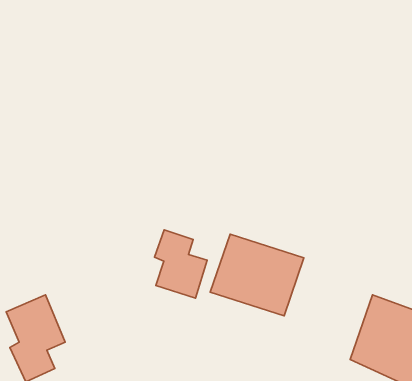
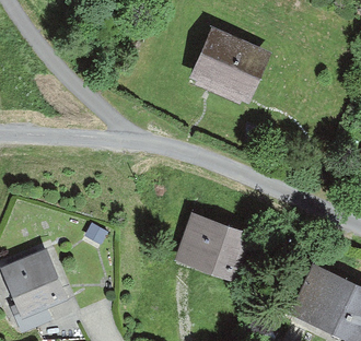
building: none -> [187,23,270,101]
building: [154,230,207,298] -> none

